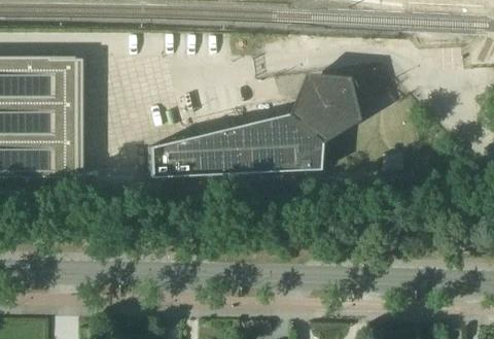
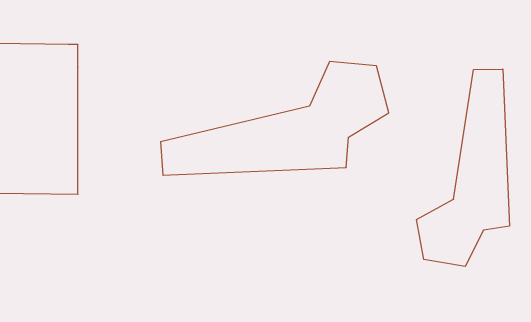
building: none -> [416,69,509,266]

